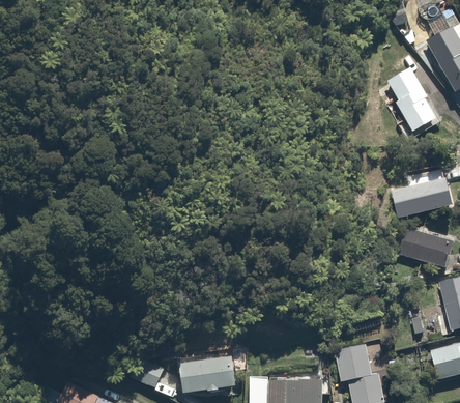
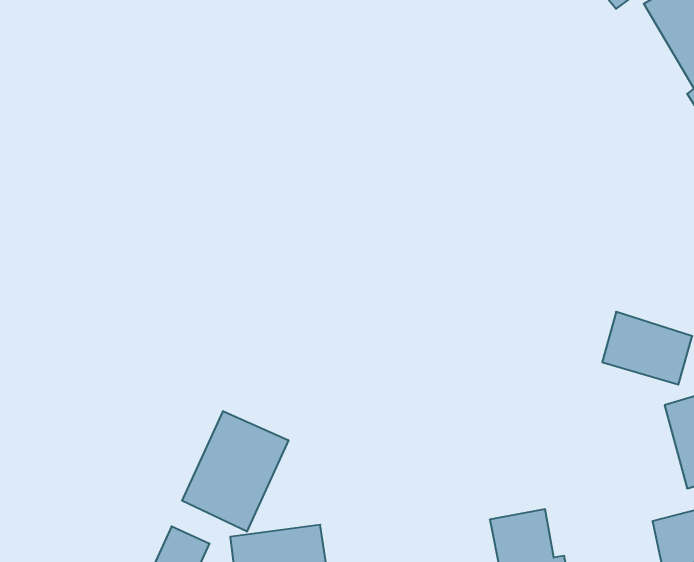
building: [376,68,439,132] -> none
building: [391,170,451,214] -> none
building: none -> [182,411,288,532]

